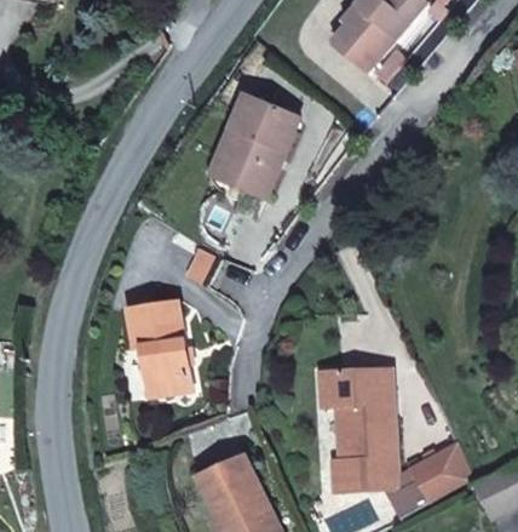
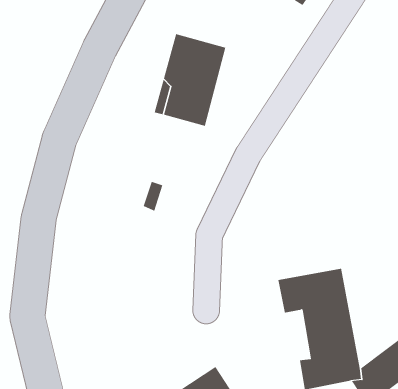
building: [127,301,191,396] -> none

